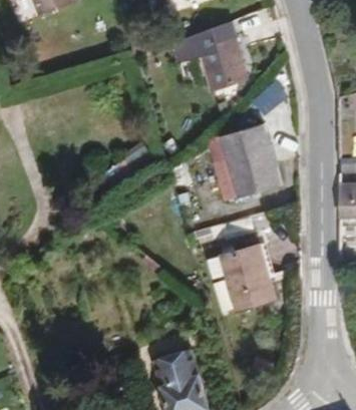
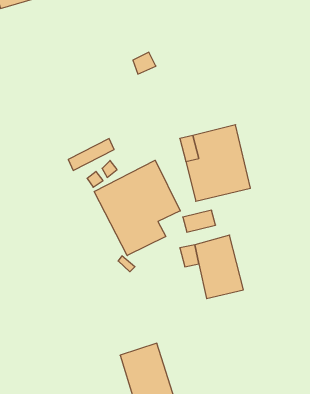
building: [203,21,256,87] -> none
building: none -> [94,160,180,256]

